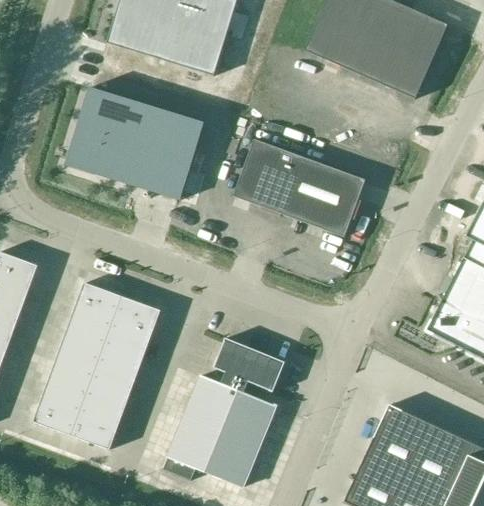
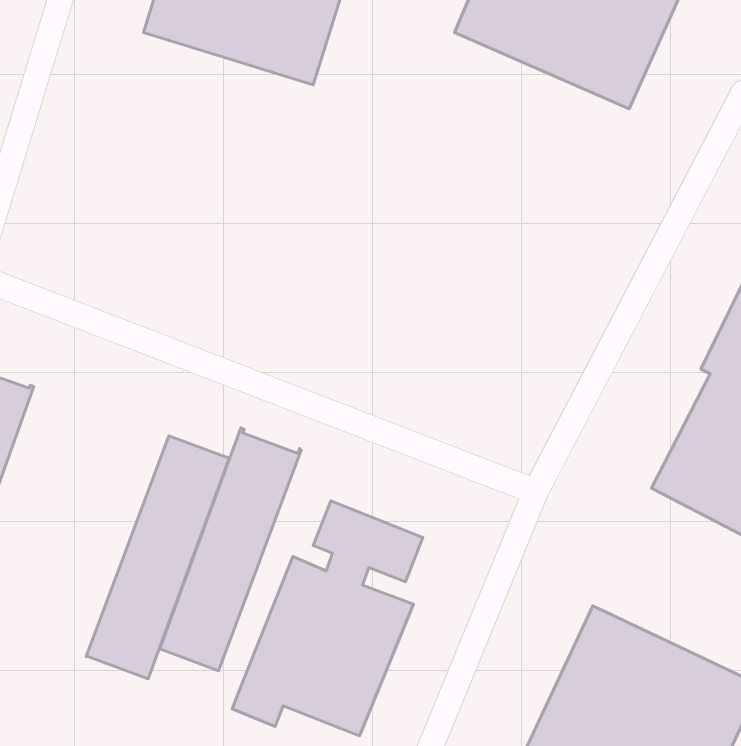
building: [65,87,204,200] -> none
building: [233,139,365,237] -> none
building: [33,283,122,436] -> [160,428,301,671]

